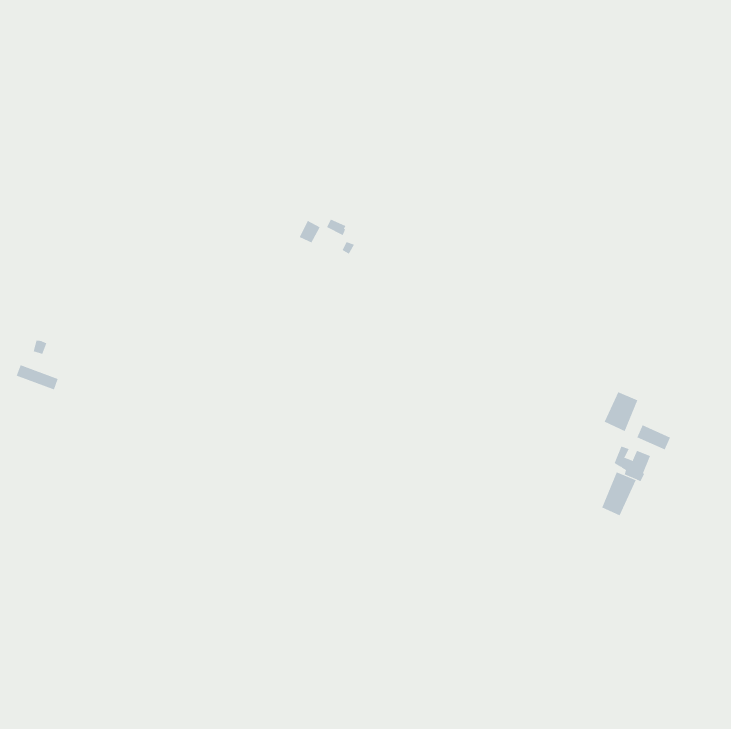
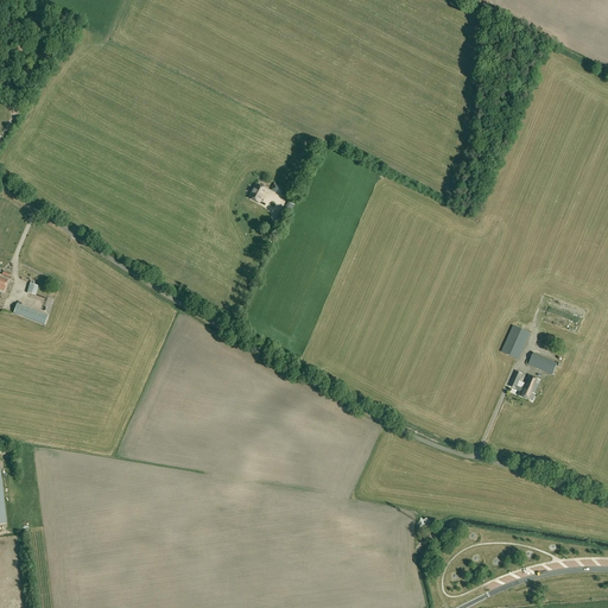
building: [602,472,637,516] -> none

